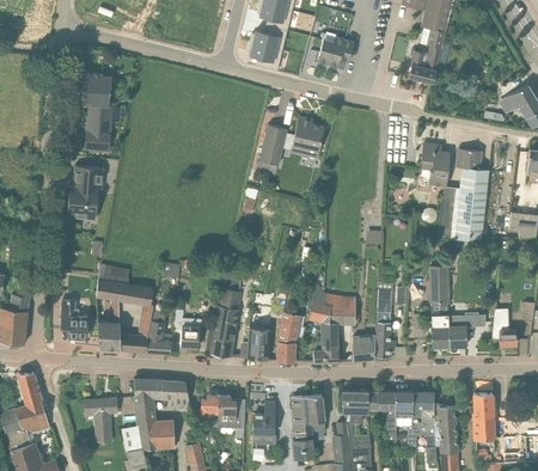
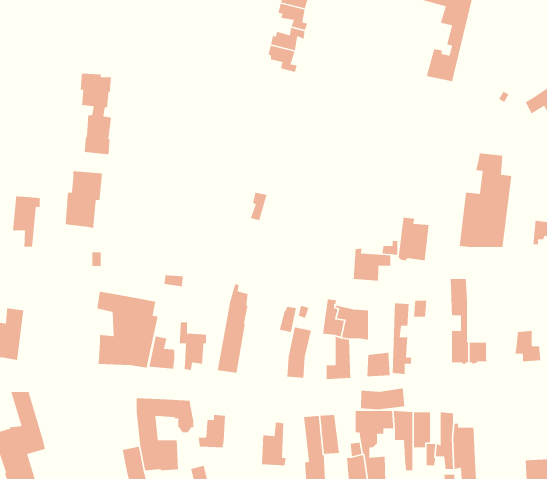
building: [317,38,353,67] -> none
building: [259,117,323,172] -> none
building: [418,145,448,186] -> [398,217,429,261]
building: none -> [12,196,40,247]
building: none -> [353,248,391,281]
building: [61,300,87,337] -> none
building: [246,328,268,359] -> none
building: none -> [360,388,405,410]
building: [470,393,494,440] -> none
building: [218,396,244,428] -> none
building: [84,398,116,442] -> none

